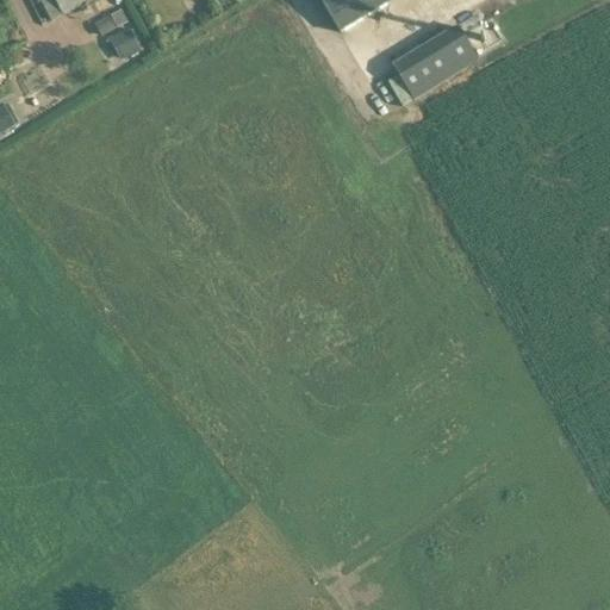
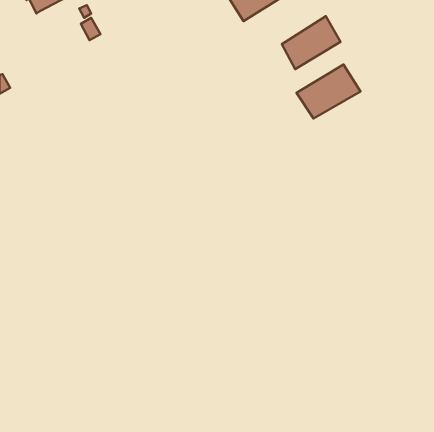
building: none -> [297,65,361,118]

